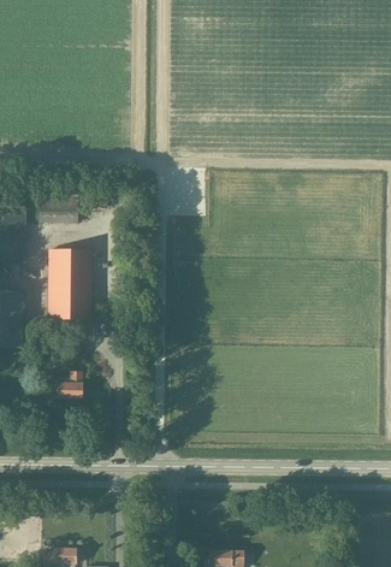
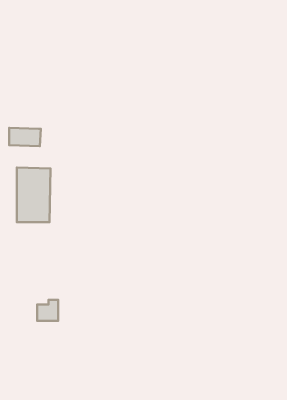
building: [57,371,83,397] -> [37,300,58,321]

